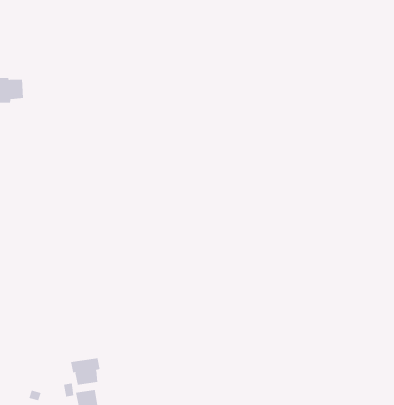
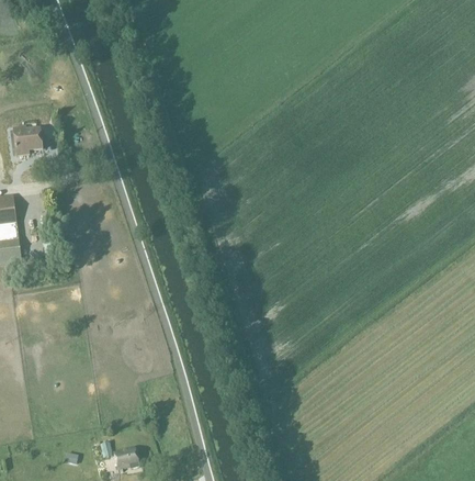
building: [71,358,100,386] -> none

